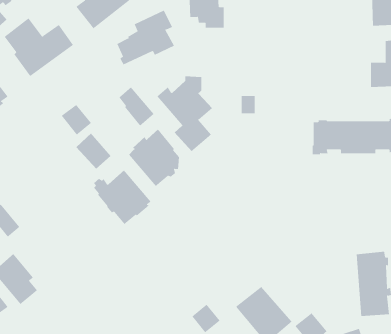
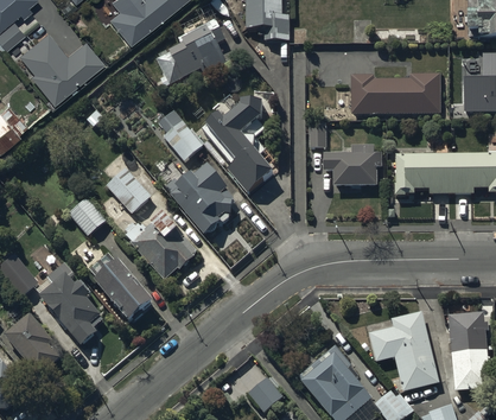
building: none -> [350,74,439,114]
building: [61,104,92,135] -> [68,197,106,235]
building: none -> [323,145,380,185]
building: none -> [90,256,153,324]
building: none -> [40,265,103,346]
building: none -> [368,311,439,390]

